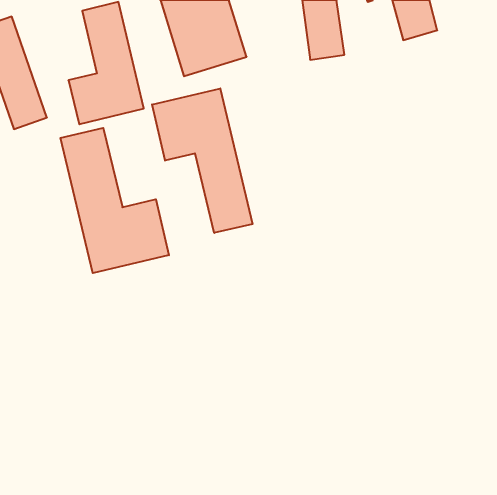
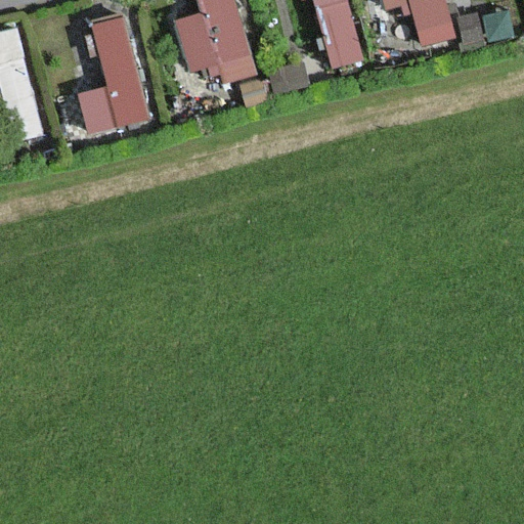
building: [152,88,253,233] -> none
building: [60,128,169,273] -> none

